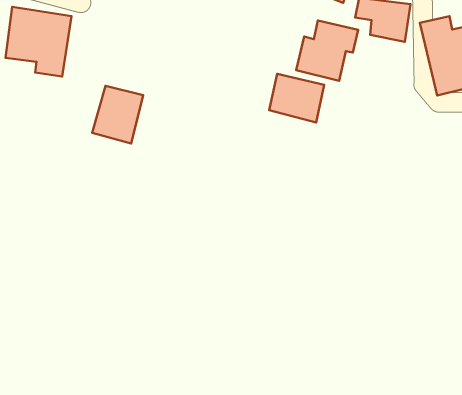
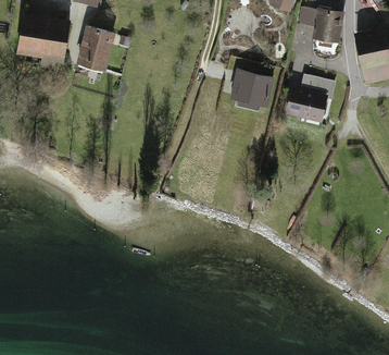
building: [296,20,358,81] -> [288,73,338,122]
building: [92,86,143,144] -> [75,26,116,73]

